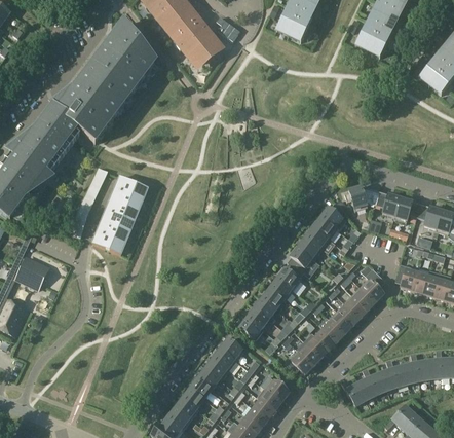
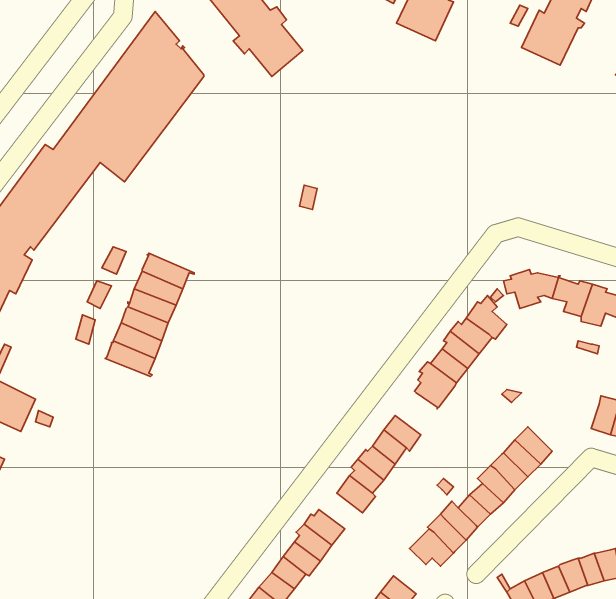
building: [275,263,302,290] -> none
building: [360,267,384,300] -> none

